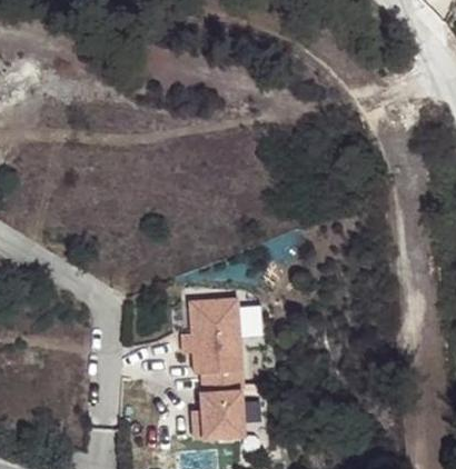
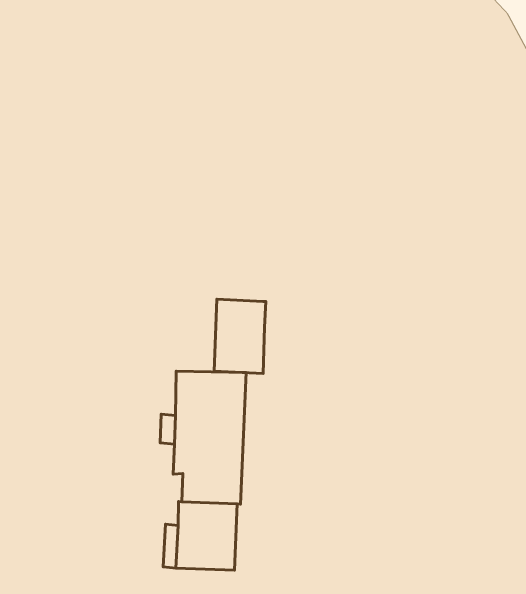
building: none -> [214,299,266,373]

